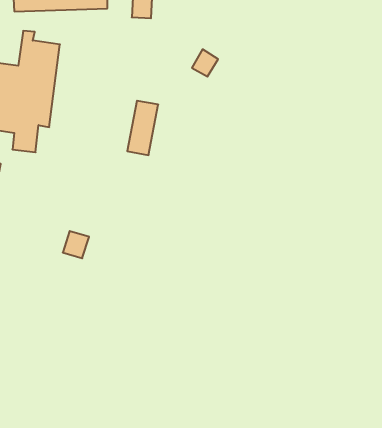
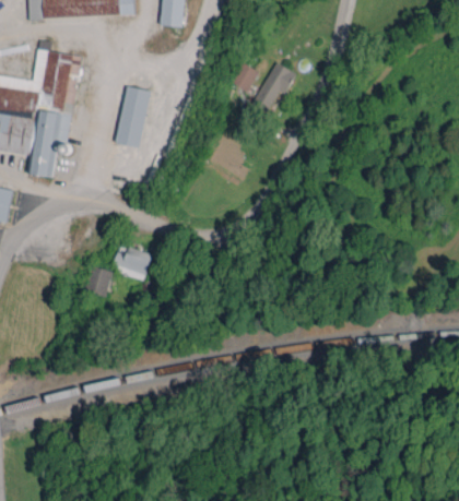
building: none -> [250,62,295,111]
building: [127,101,158,155] -> [115,86,150,147]
building: none -> [111,247,152,279]

